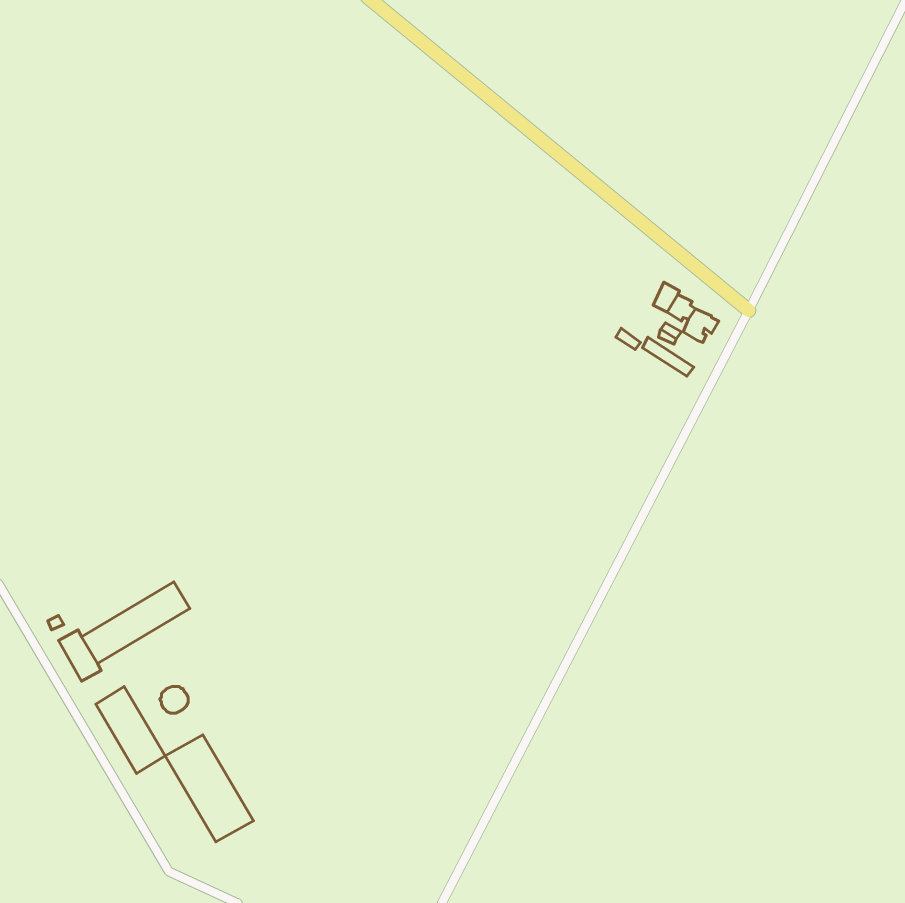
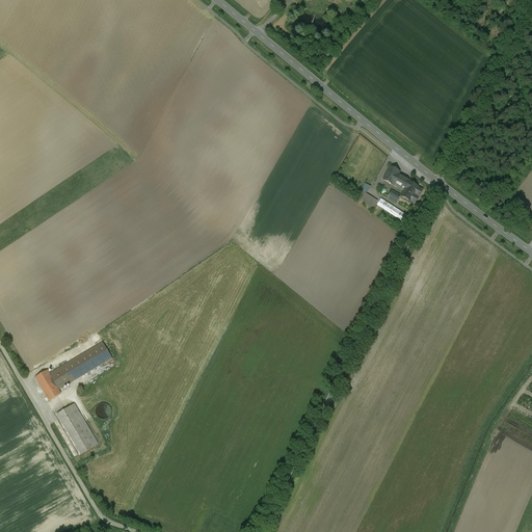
building: [165,735,254,842] -> none

